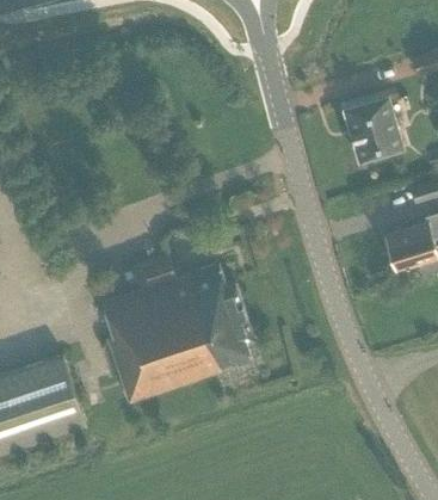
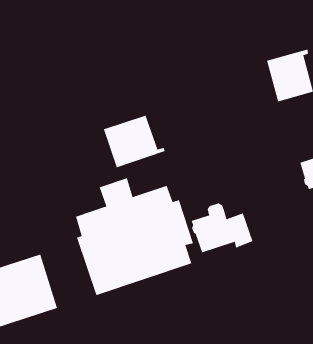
building: none -> [103,115,166,168]
building: none -> [191,202,253,253]

